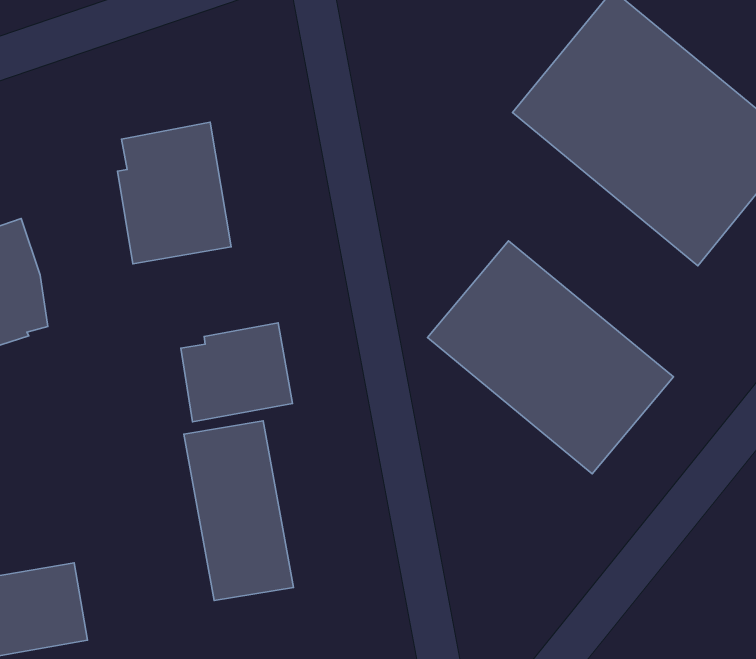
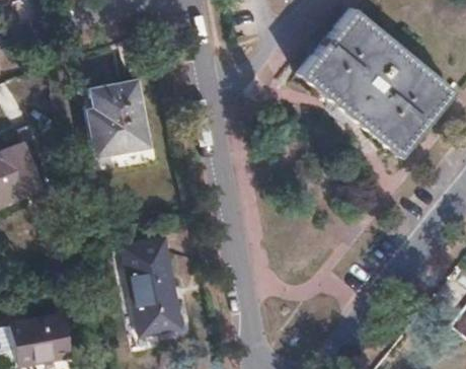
building: [428,241,673,474] -> none
building: [181,323,292,422] -> none

